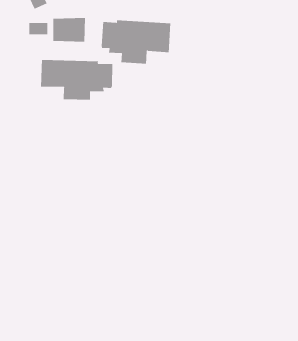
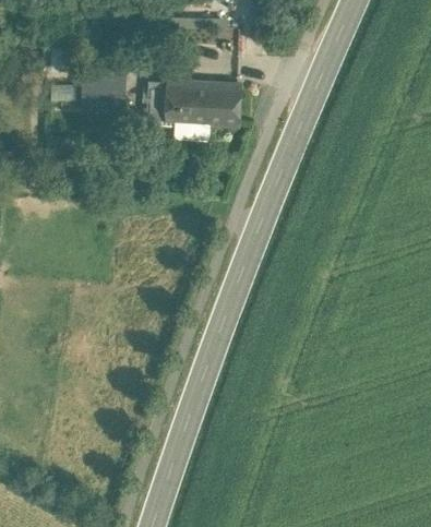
building: [41,59,113,100] -> none

